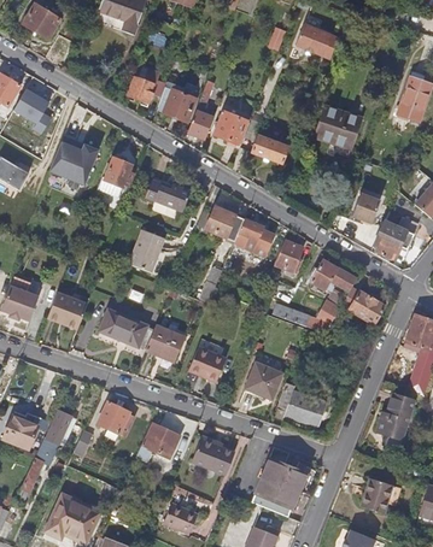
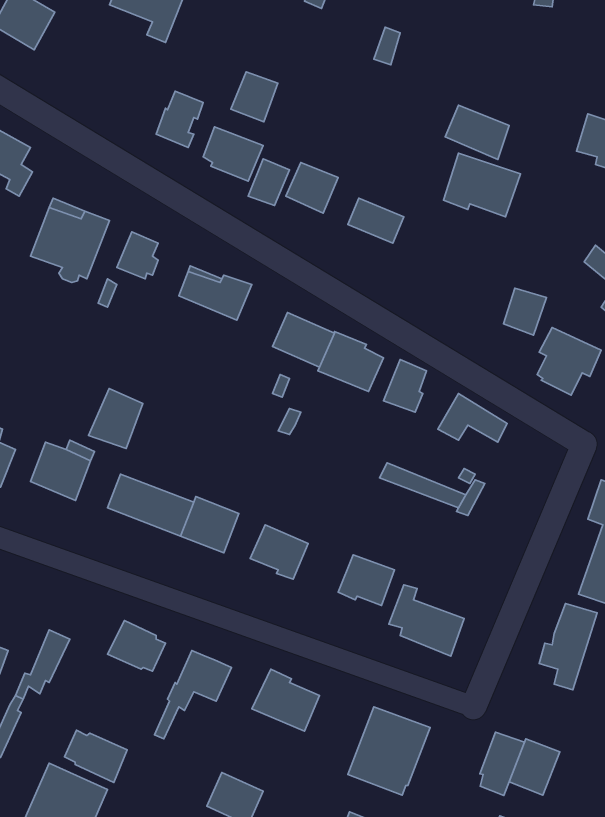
building: [297,23,338,58] -> [445,105,509,159]
building: none -> [231,72,278,122]
building: [129,228,164,266] -> [88,388,143,449]
building: [339,284,384,324] -> none
building: none -> [65,730,127,783]
building: none -> [480,732,525,796]

